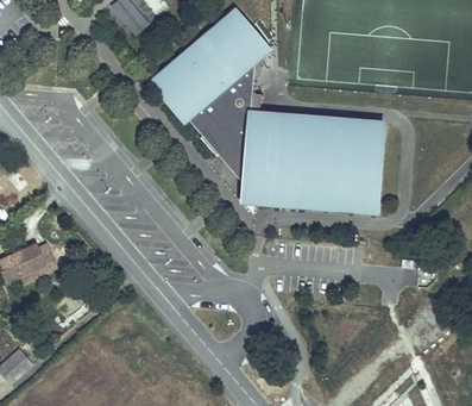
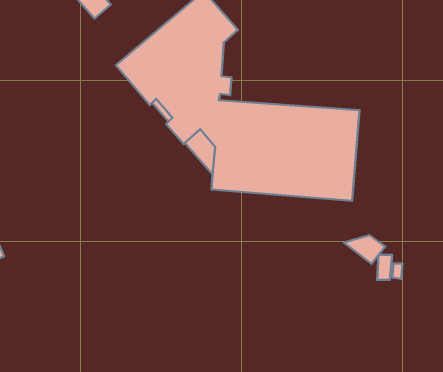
building: none -> [344,235,385,264]

